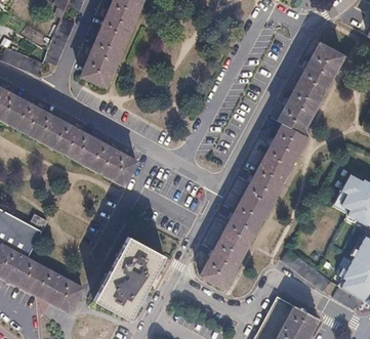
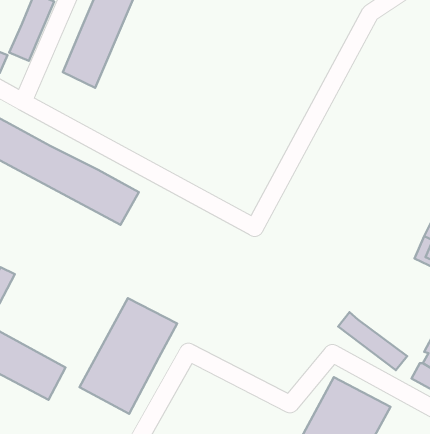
building: [201,44,343,289] -> none

